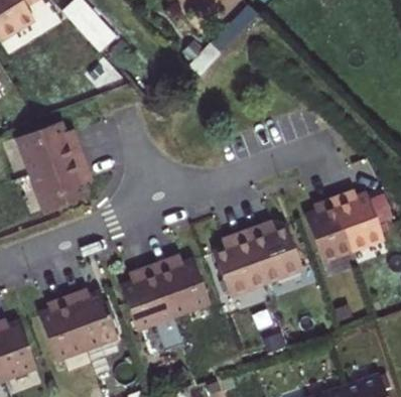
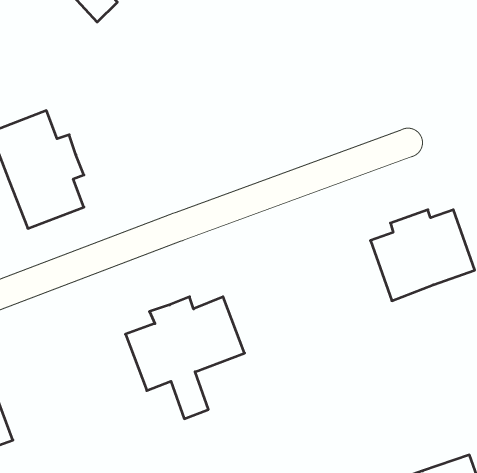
building: [213,224,302,294] -> none
building: [38,290,117,359] -> none

